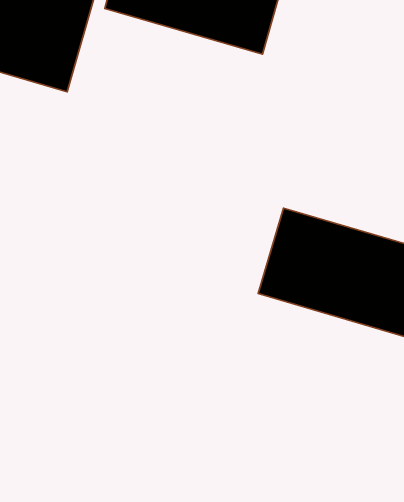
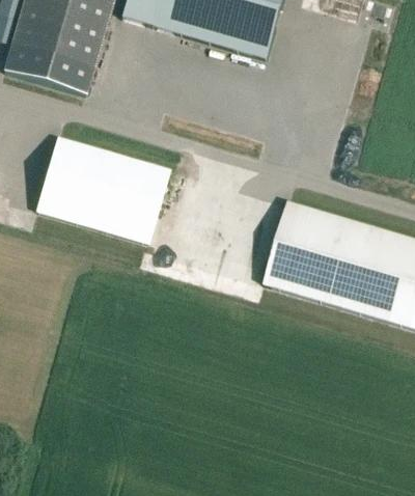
building: none -> [37,135,168,241]

